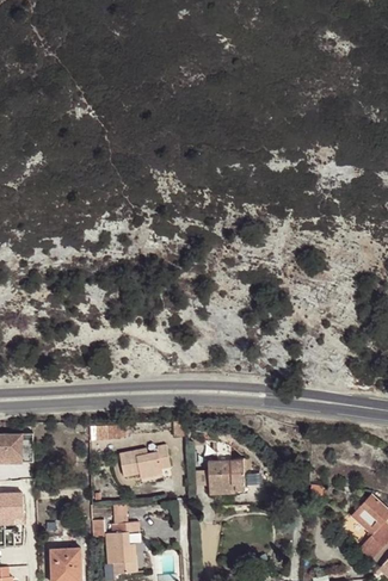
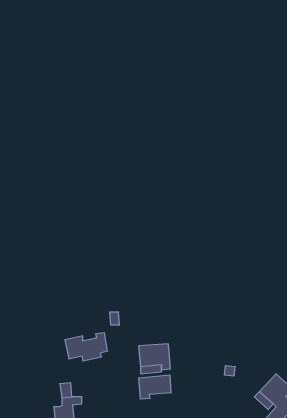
building: none -> [139,375,171,399]

